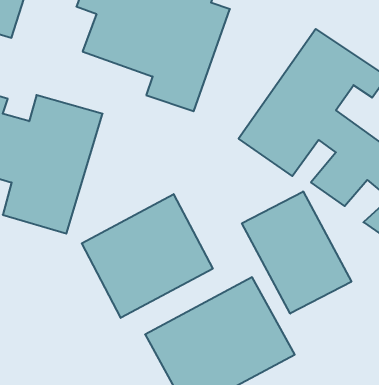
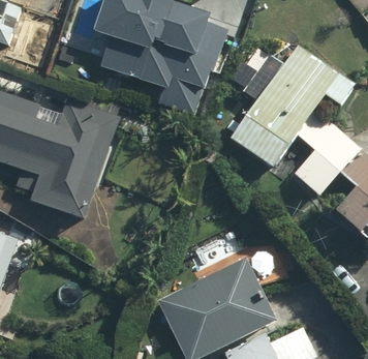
building: [242,191,351,314] -> none
building: [82,194,213,318] -> none

